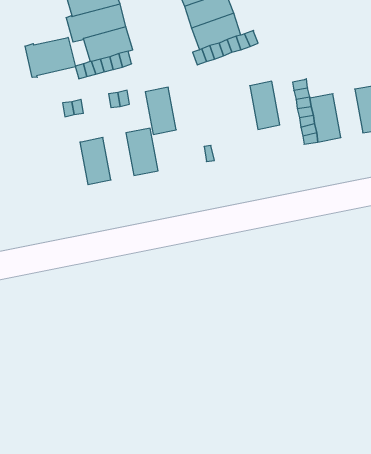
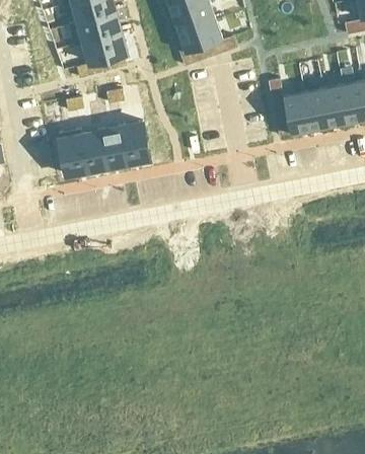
building: [25,37,75,77] -> none
building: [250,81,280,129] -> [302,85,328,128]
building: [145,87,176,134] -> [99,124,127,165]
building: none -> [57,127,86,173]

